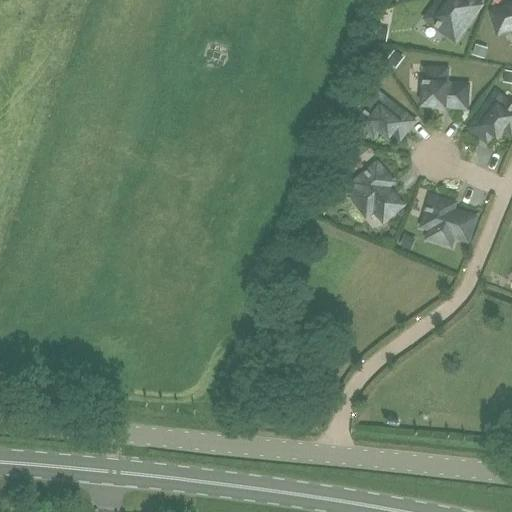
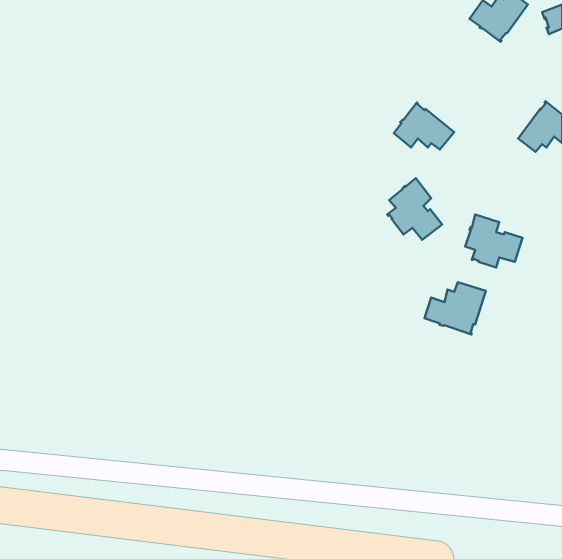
building: [424,68,467,105] -> none
building: none -> [425,282,486,335]

